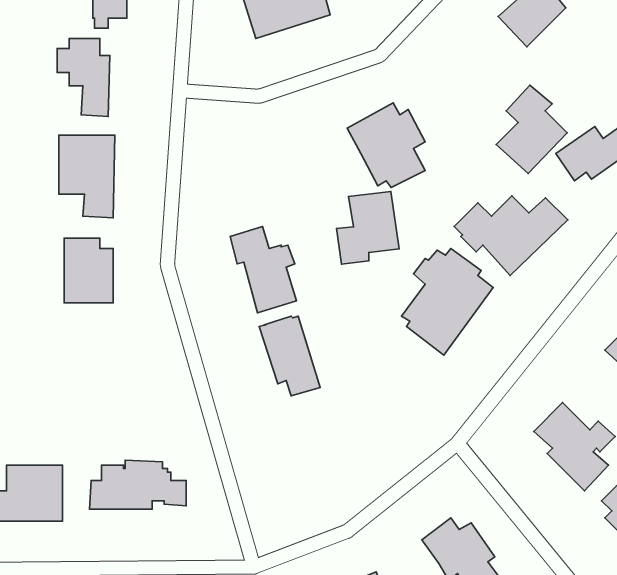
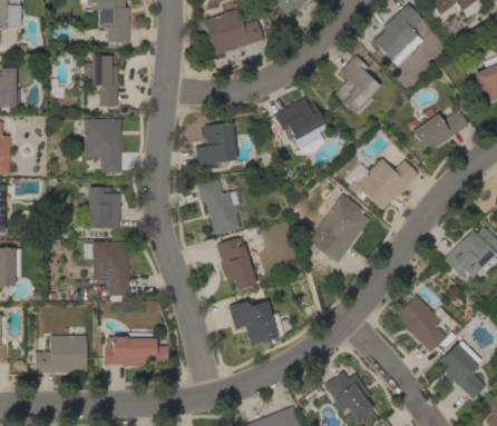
building: [496,85,567,173] -> [333,56,380,113]
building: [337,191,399,264] -> [196,122,237,170]
building: none -> [85,241,129,296]
building: none -> [228,300,283,345]

